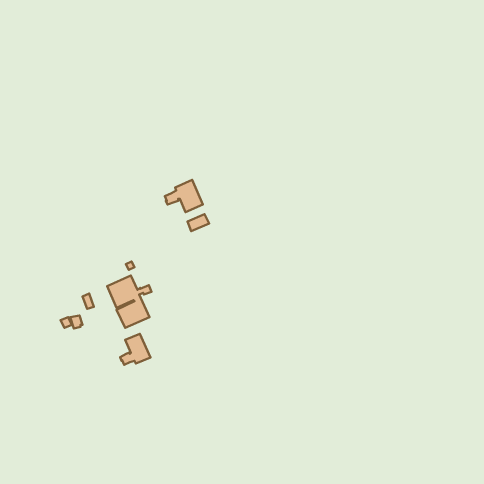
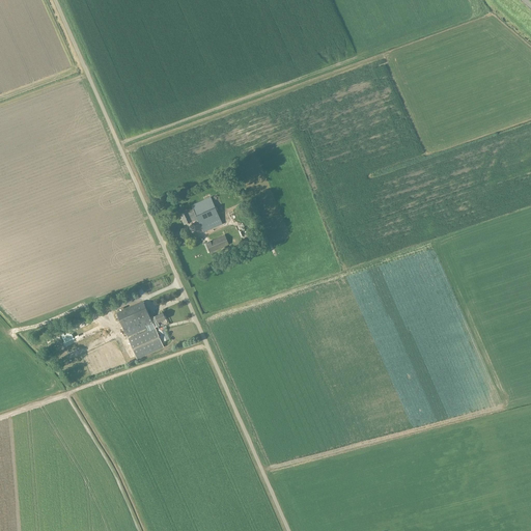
building: [120,334,150,365] -> none

